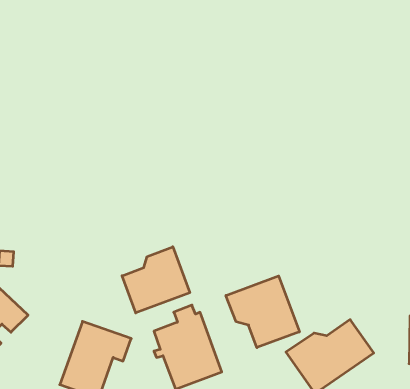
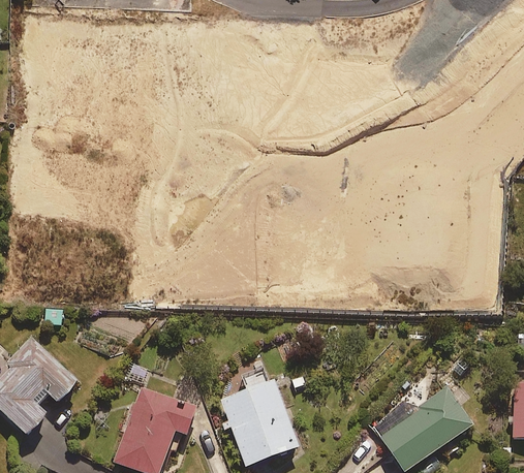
building: [122,247,190,313] -> none
building: [226,276,299,348] -> none

